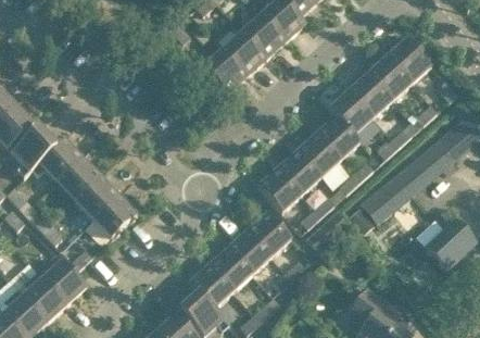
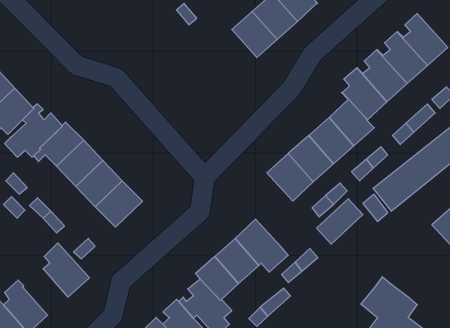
building: [204,48,248,92] -> none
building: [247,212,291,256] -> none
building: [23,273,66,323] -> none

